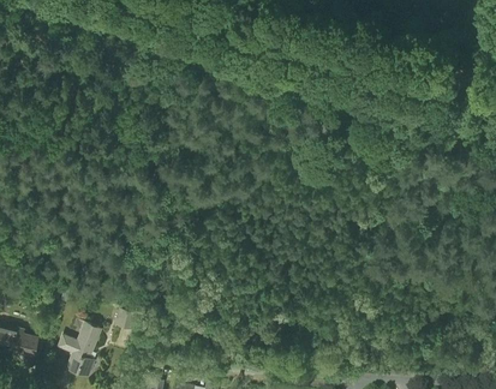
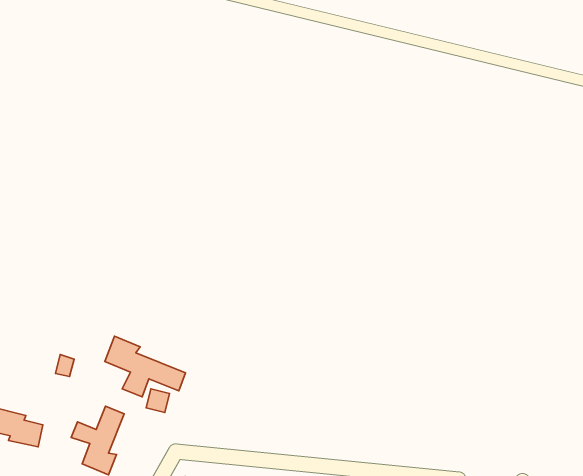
building: none -> [105,336,186,397]

